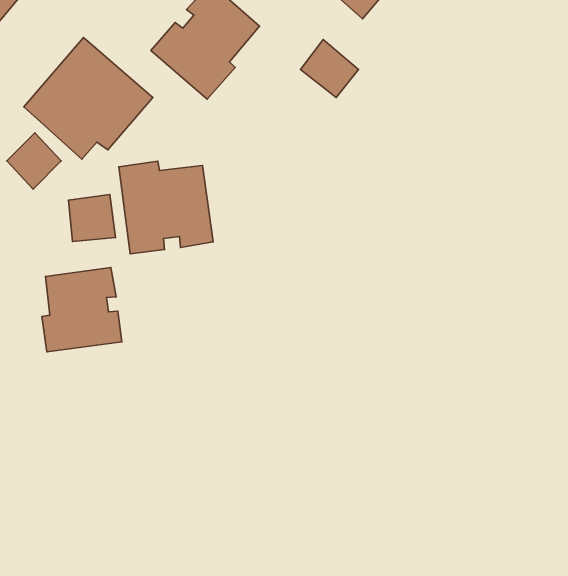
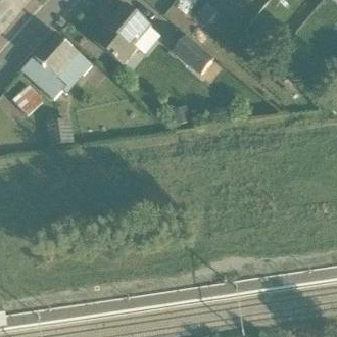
building: [119,161,213,254] -> none
building: [42,267,122,352] -> none

